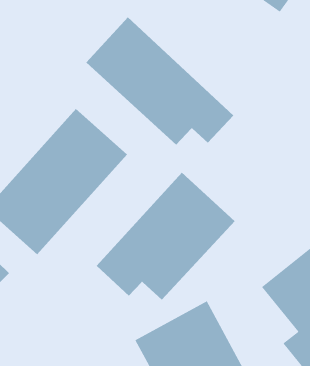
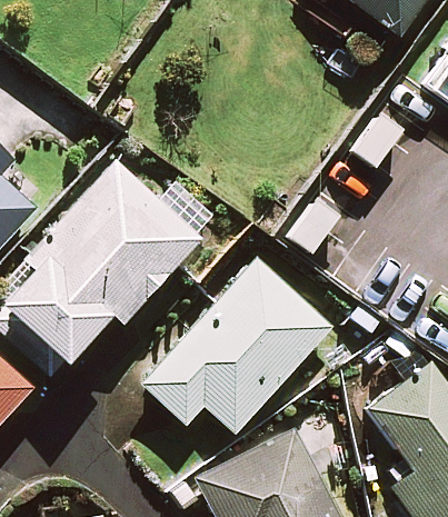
building: [85,17,234,146] -> none

